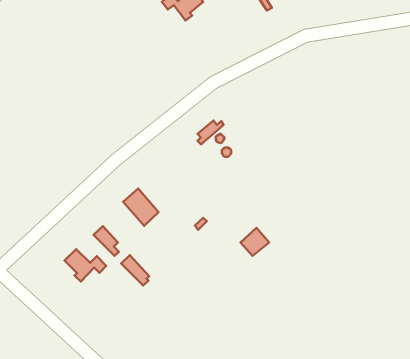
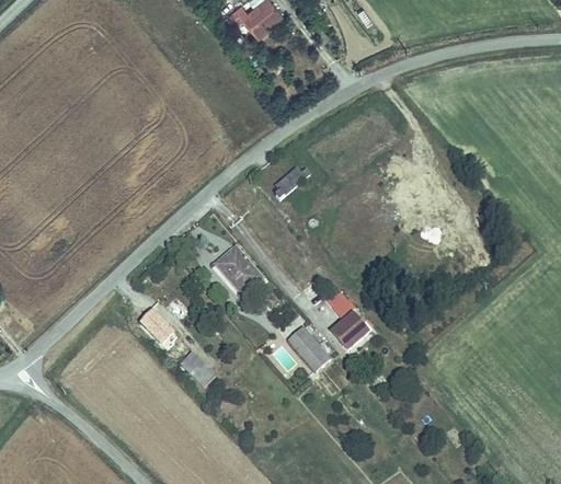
building: [123,188,159,226] -> [214,242,260,290]
building: none -> [286,324,328,369]
building: [65,249,106,281] -> none

